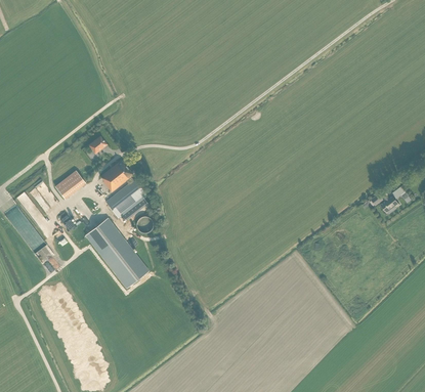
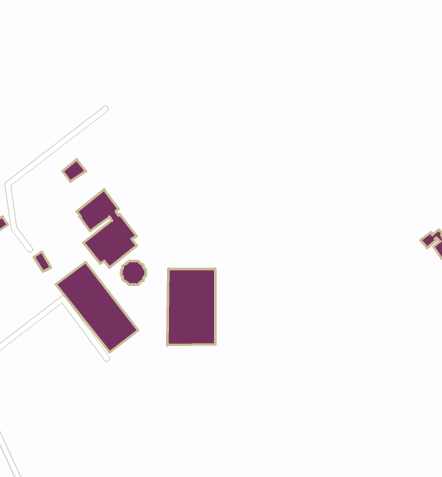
building: [54,170,85,198] -> none
building: none -> [167,269,215,345]

